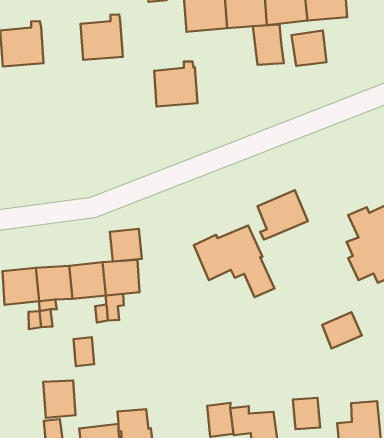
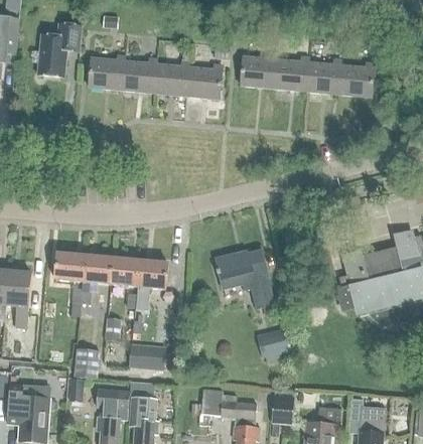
building: none -> [121,58,156,94]
building: [253,25,284,65] -> none
building: [292,31,326,66] -> none
building: [154,61,197,107] -> [185,64,222,100]
building: [257,190,308,239] -> none
building: [110,229,142,262] -> none
building: [322,312,362,348] -> [259,330,289,356]
building: none -> [128,345,165,368]

